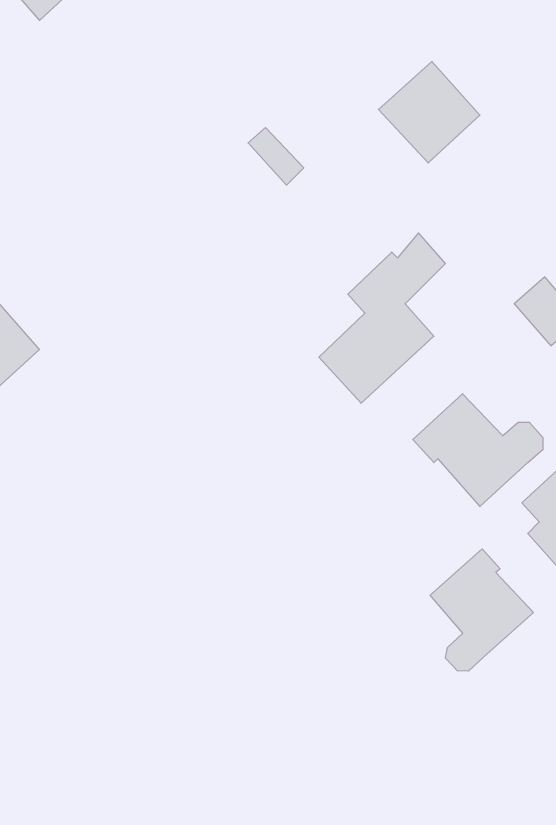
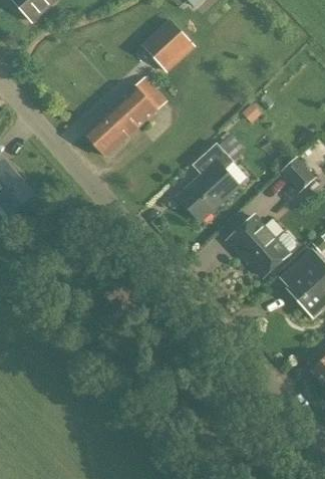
building: [378,61,480,163] -> [140,18,194,71]
building: none -> [83,87,155,157]
building: [430,549,533,671] -> none

